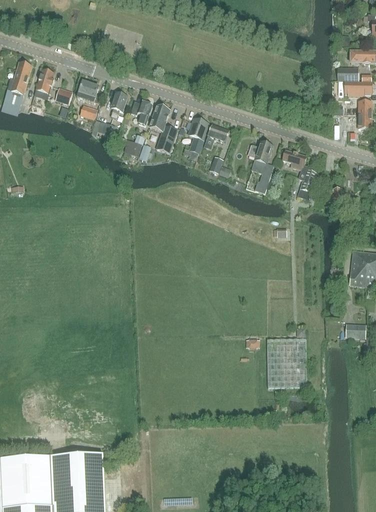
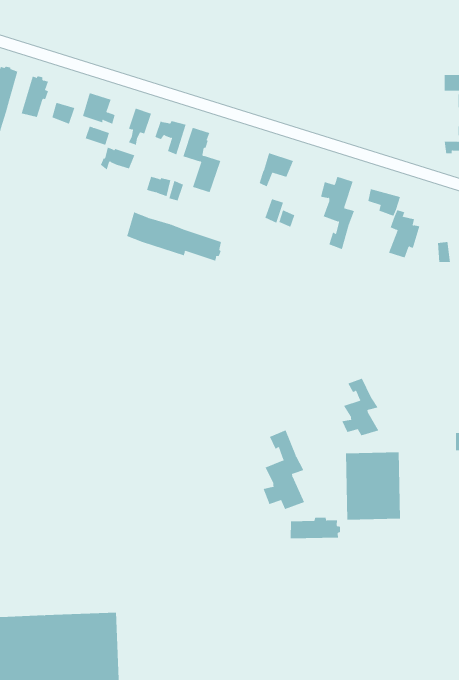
building: [188,118,208,153] -> none
building: none -> [126,212,222,261]
building: none -> [342,378,379,436]
building: none -> [263,429,305,510]
building: none -> [290,517,341,539]

